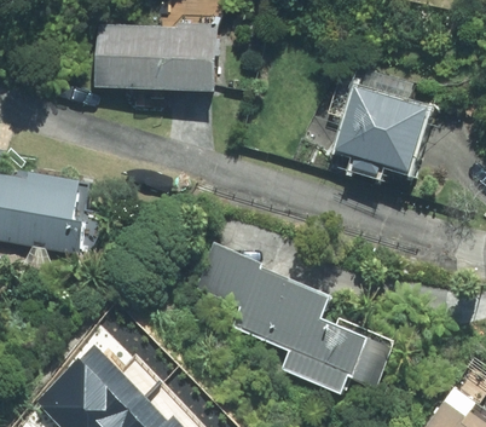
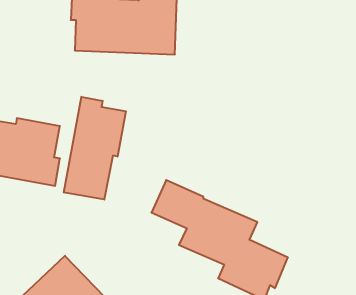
building: [345,86,441,175] -> none
building: none -> [64,97,126,200]

